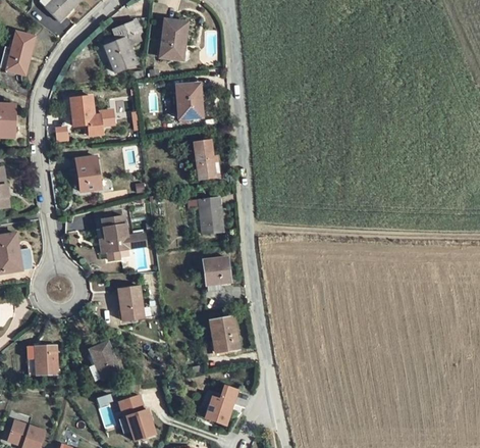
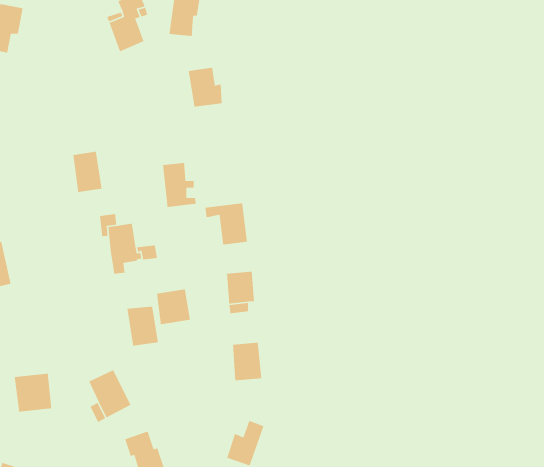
building: [70,93,104,133] -> none
building: [191,142,220,181] -> [162,162,197,208]
building: none -> [156,289,191,325]

